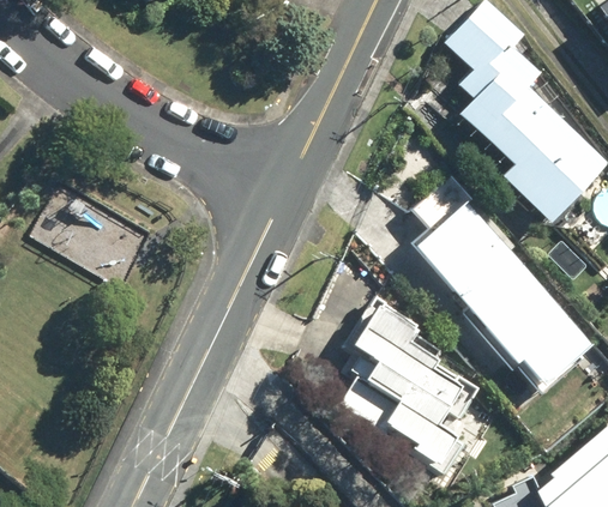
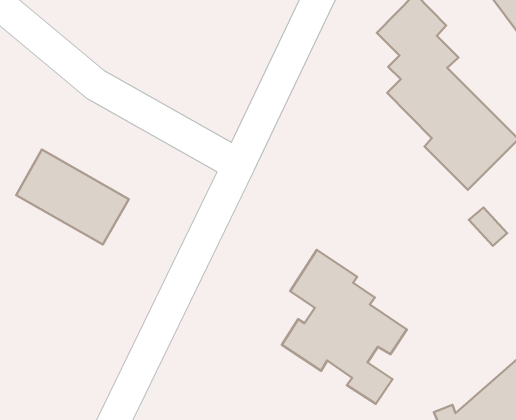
building: [413,183,592,386] -> none

